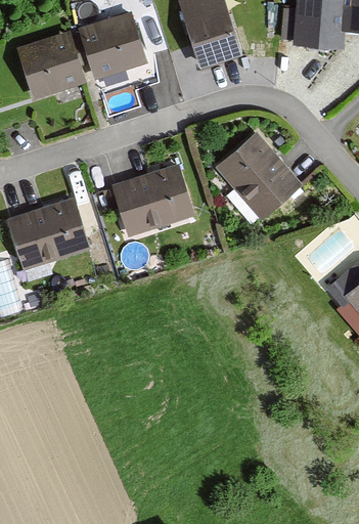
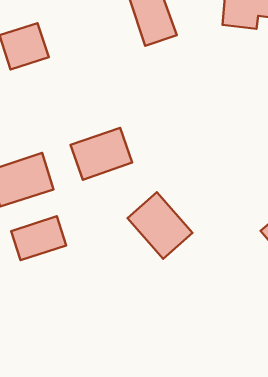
building: [83,16,142,74] -> none
building: [217,134,299,218] -> [128,192,192,259]
building: none -> [11,216,66,260]

